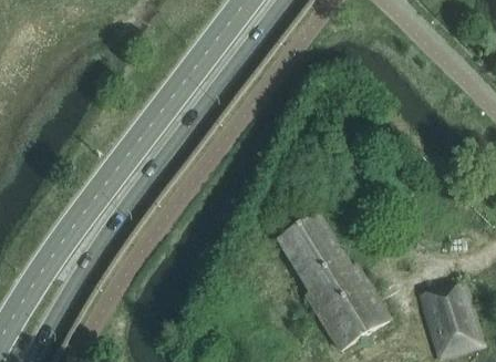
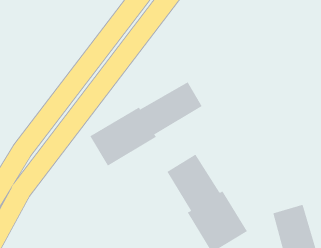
building: none -> [89,82,202,167]

